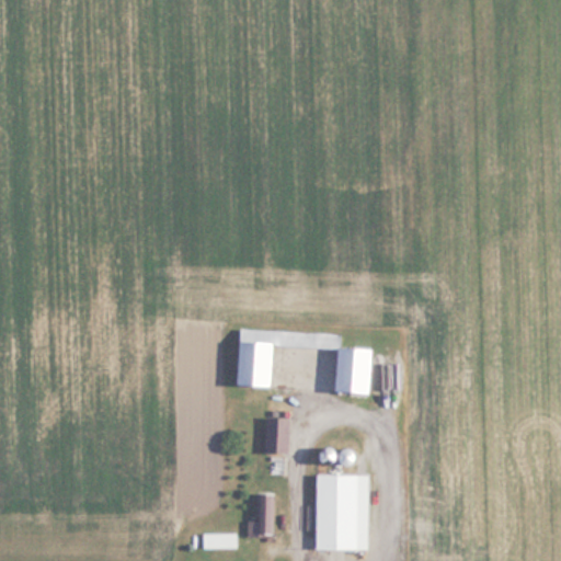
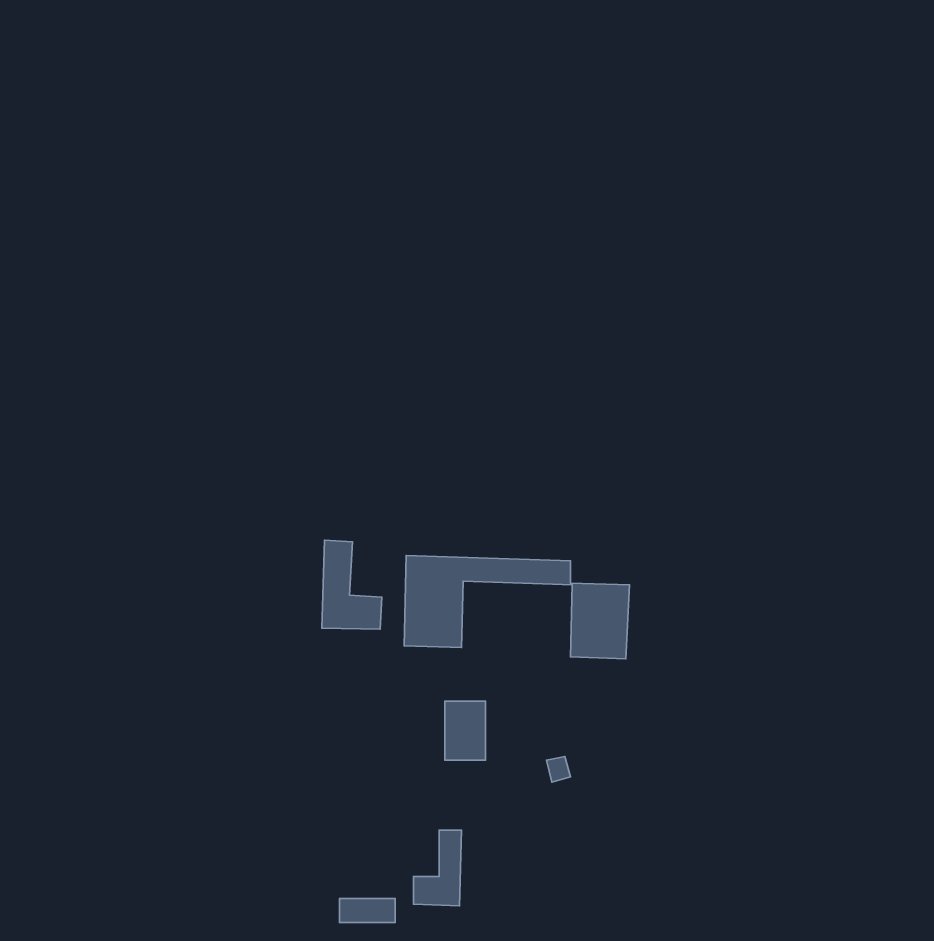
building: none -> [322,540,382,629]
building: [316,474,357,551] -> none

